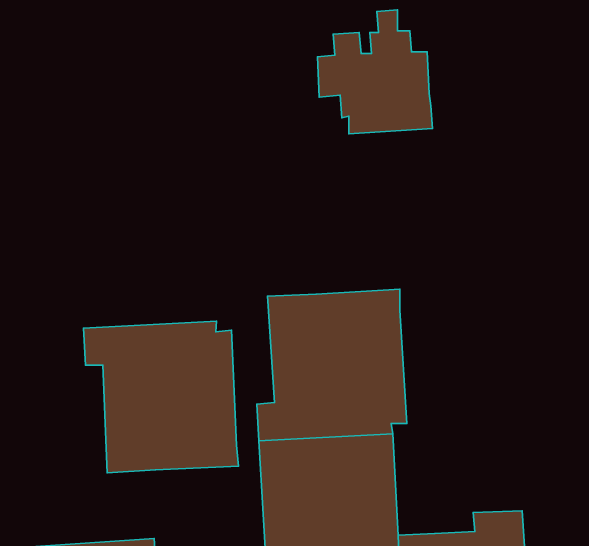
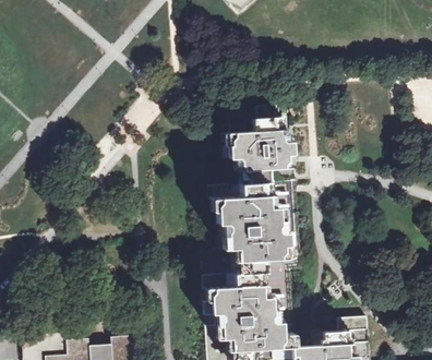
building: [317,10,433,134] -> [221,108,293,185]
building: [83,321,239,473] -> none

